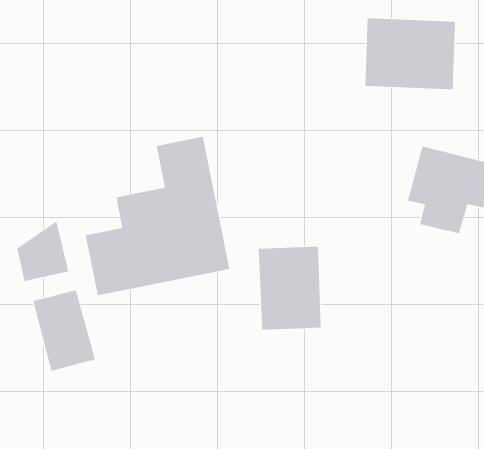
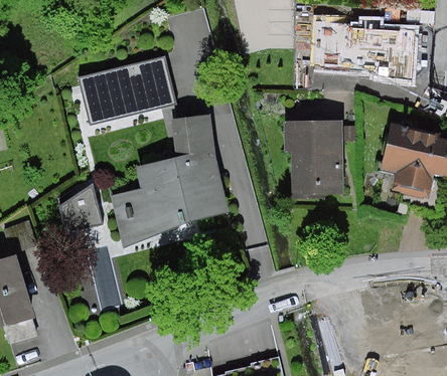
building: none -> [78,54,176,124]
building: [258,246,321,330] -> [286,120,338,189]

